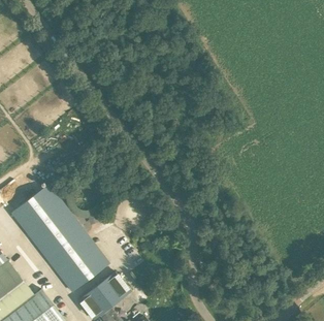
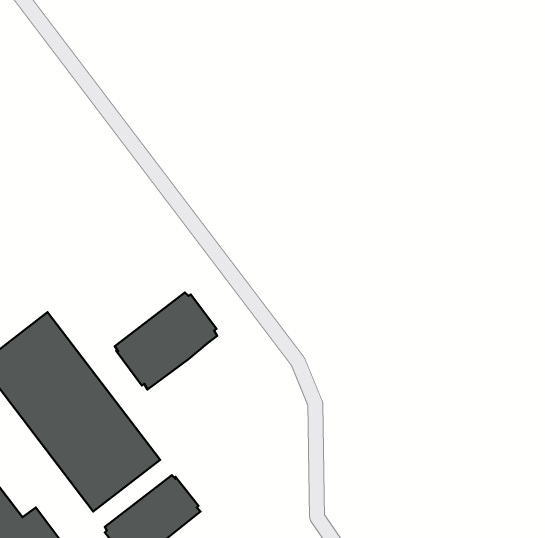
building: none -> [115,293,217,389]

